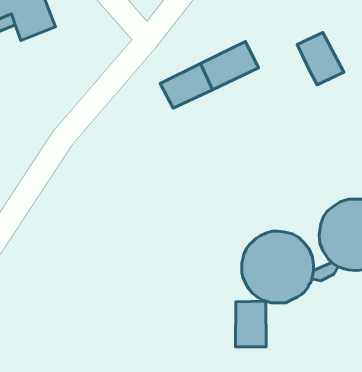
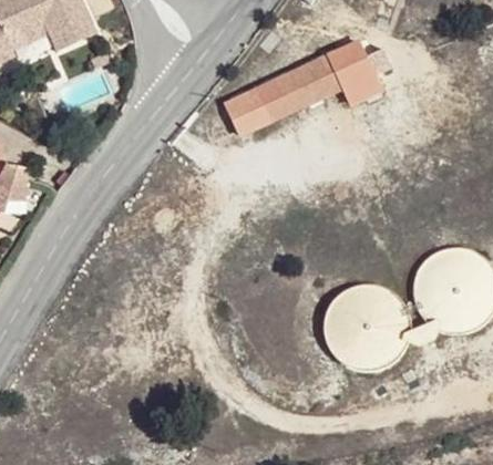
building: [297,33,344,85] -> [326,40,382,103]
building: [236,301,266,347] -> none

